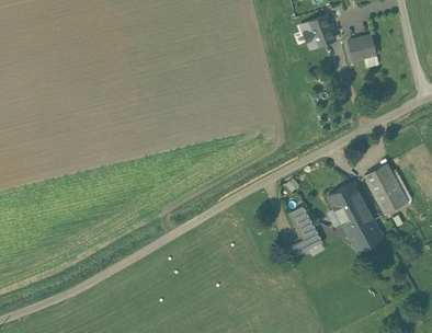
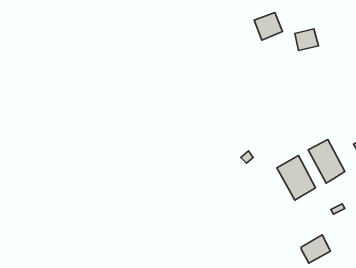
building: [289,206,319,241] -> none
building: [349,220,383,253] -> [301,235,331,263]

